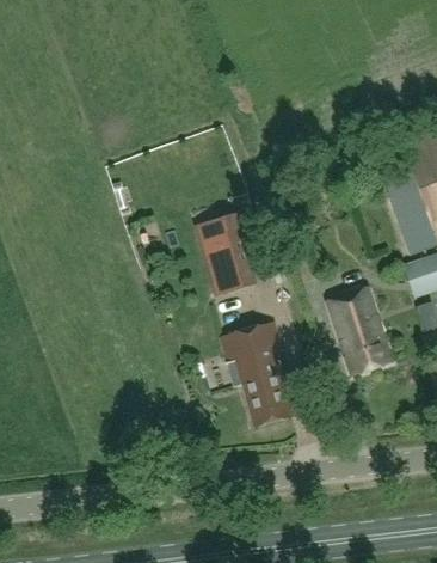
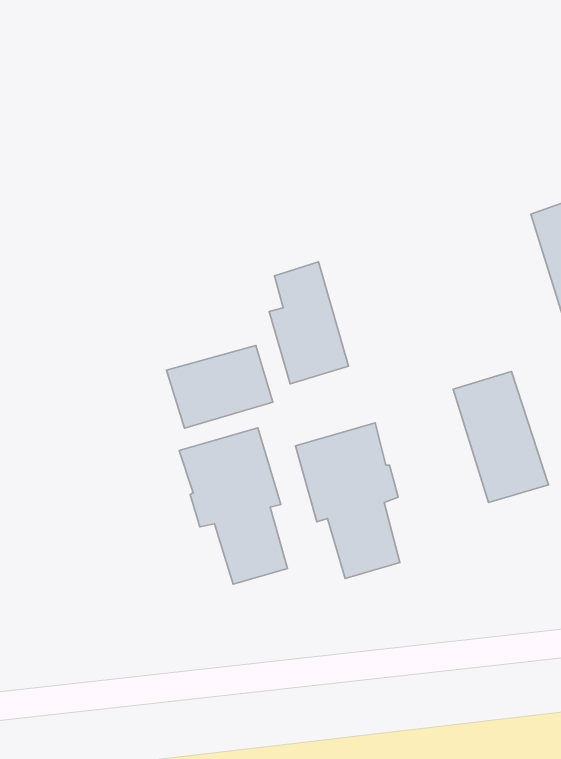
building: none -> [167,346,273,428]
building: none -> [179,428,287,584]

